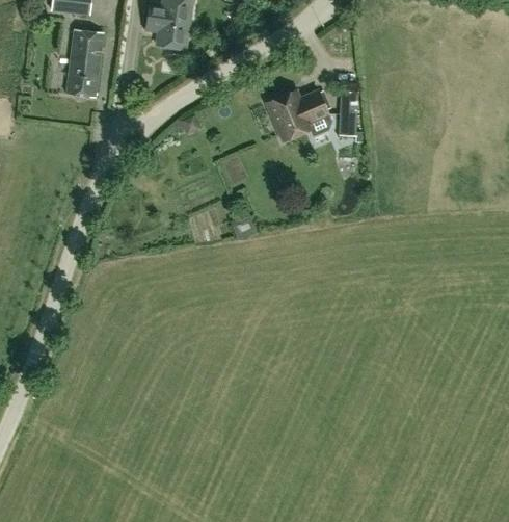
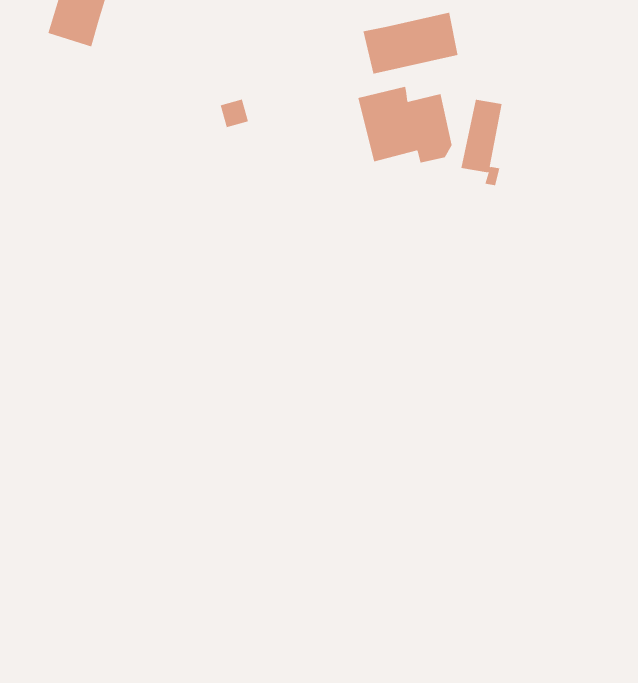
building: none -> [363,12,458,74]

